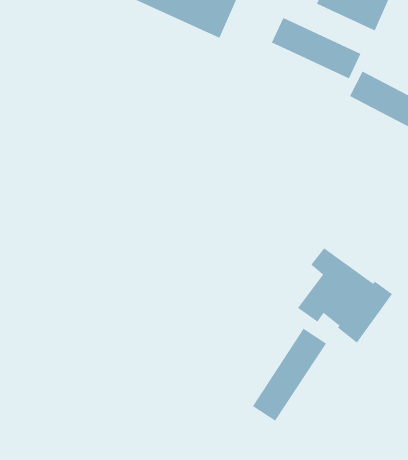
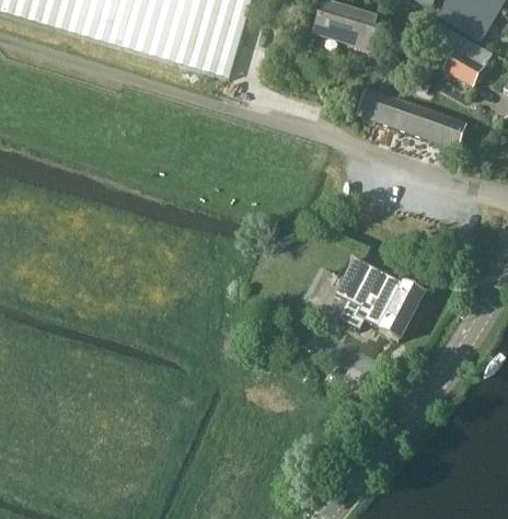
building: [271,17,361,79] -> none
building: [252,328,327,422] -> none

